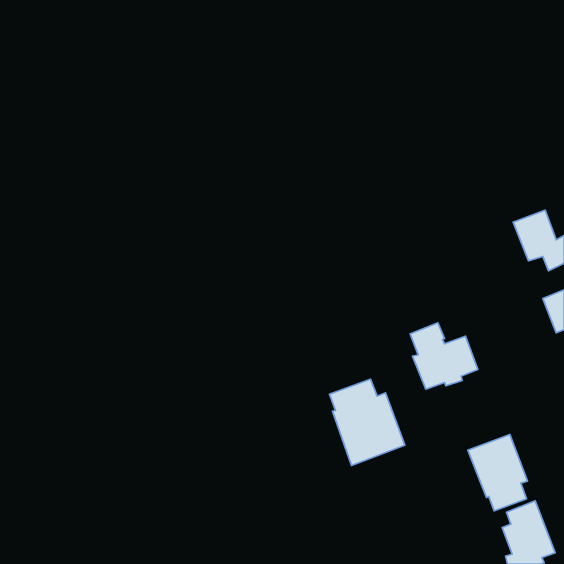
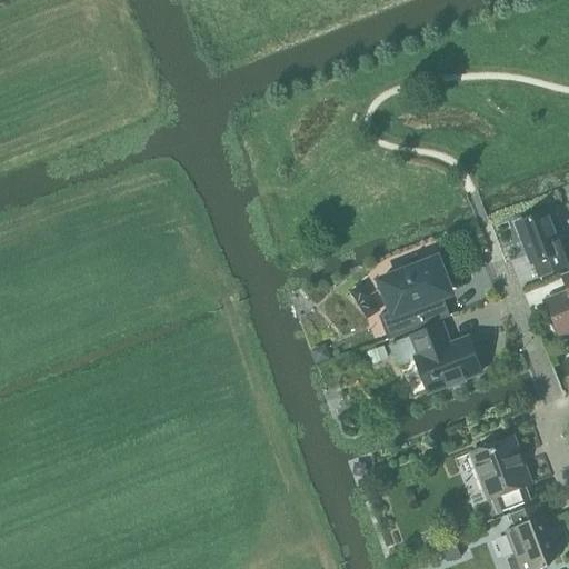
building: none -> [376,253,450,340]
building: [330,379,405,465] -> none

